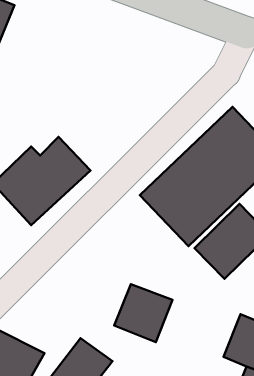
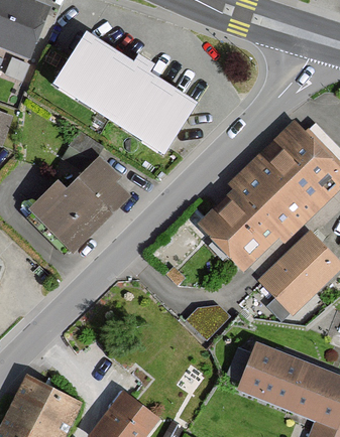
building: none -> [54,30,204,156]
building: [114,284,172,342] -> [239,341,306,408]

